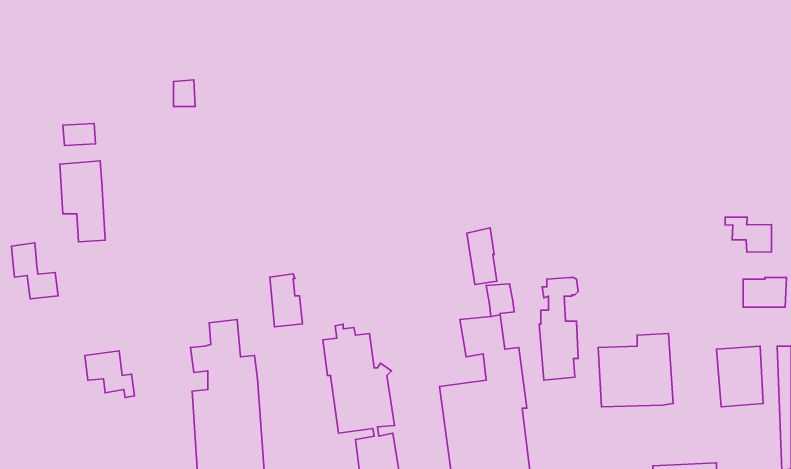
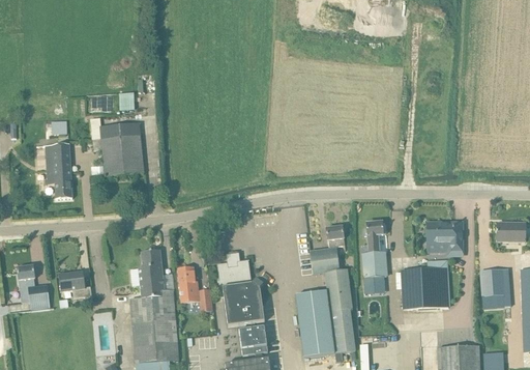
building: none -> [90,117,144,175]
building: [725,217,771,252] -> none
building: [467,228,497,284] -> none
building: [12,243,58,299] -> [18,264,49,302]
building: [270,274,303,327] -> [178,266,200,302]
building: none -> [428,222,462,252]

